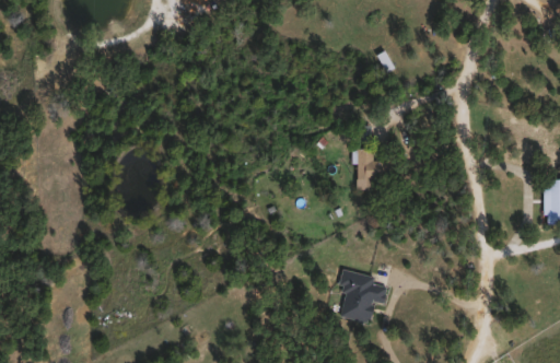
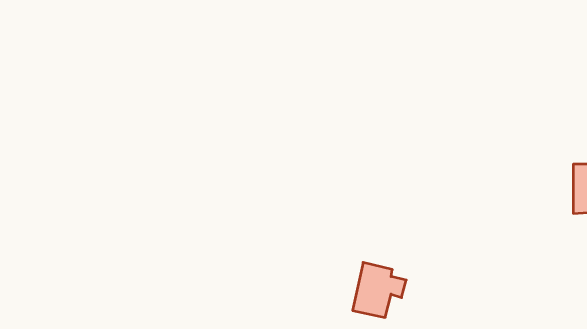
building: [355,150,390,196] -> none

